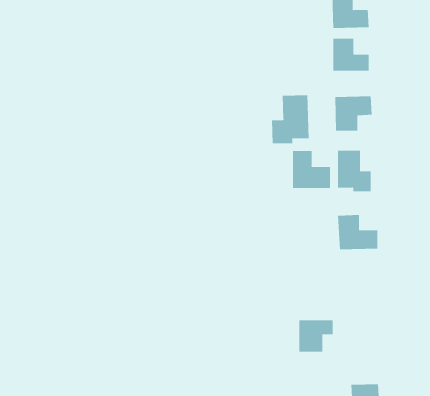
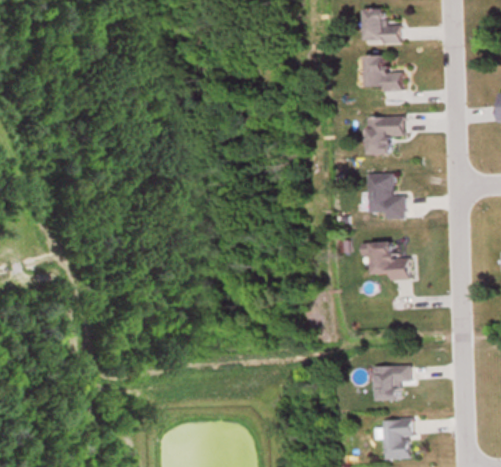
building: [272,94,309,144] -> none
building: [293,150,330,189] -> none
building: [298,320,334,352] -> [373,366,410,400]

